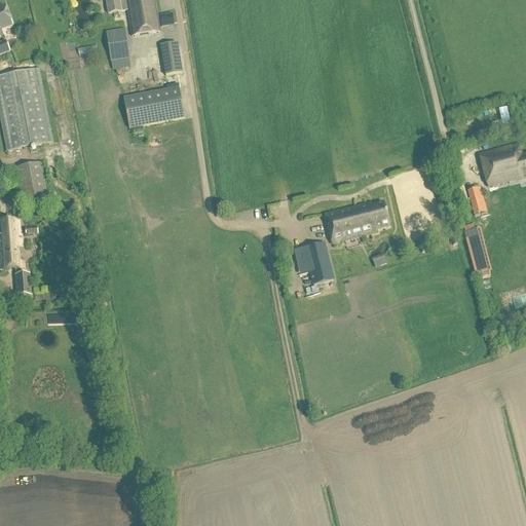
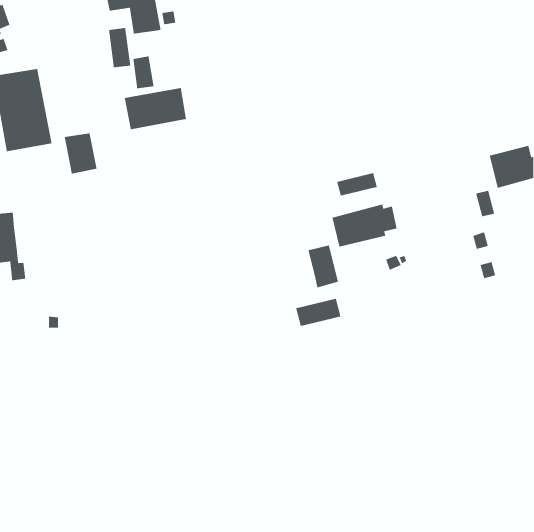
building: [159,40,181,73] -> [132,56,154,89]
building: [14,161,47,202] -> [64,132,98,174]
building: none -> [336,172,378,197]
building: none -> [295,298,341,327]

